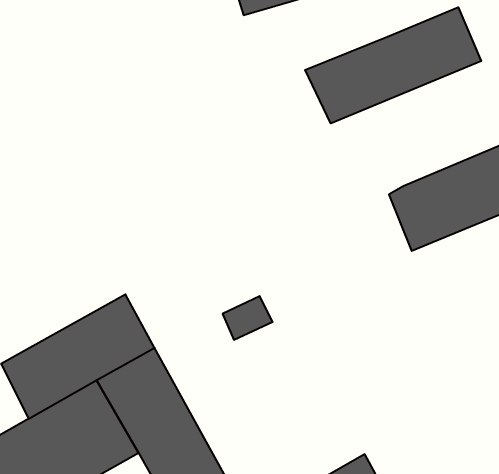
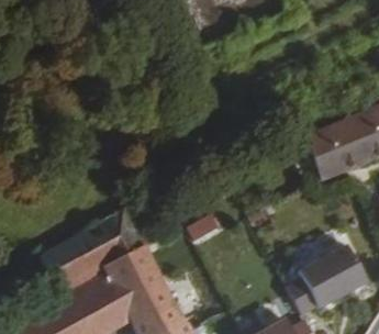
building: [305,7,481,123] -> none
building: none -> [299,243,367,307]

